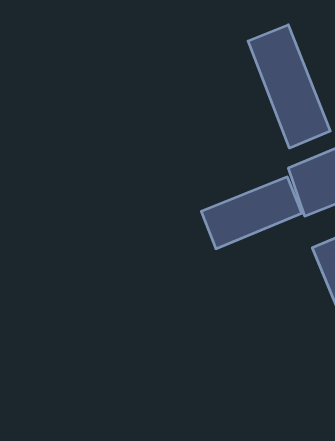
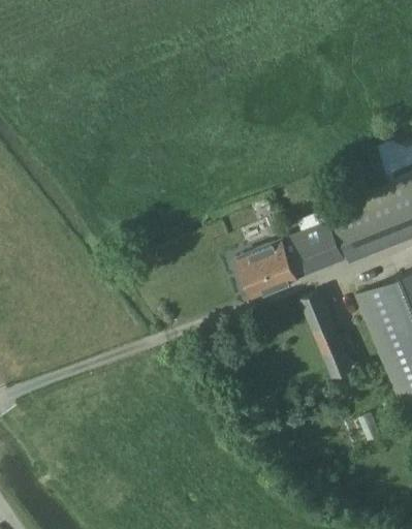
building: [248,25,330,148] -> none
building: none -> [299,291,353,378]

